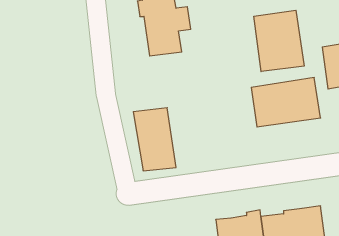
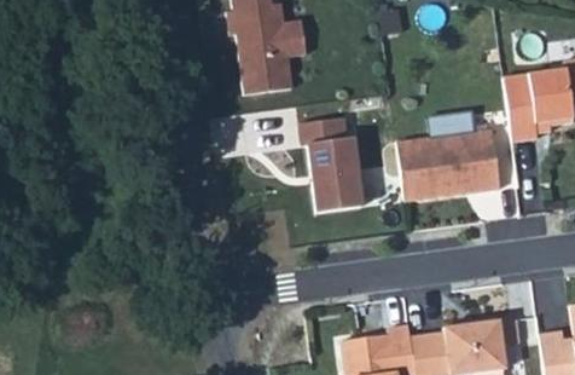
building: [254,10,304,72] -> none
building: [133,108,176,171] -> [294,119,358,213]

